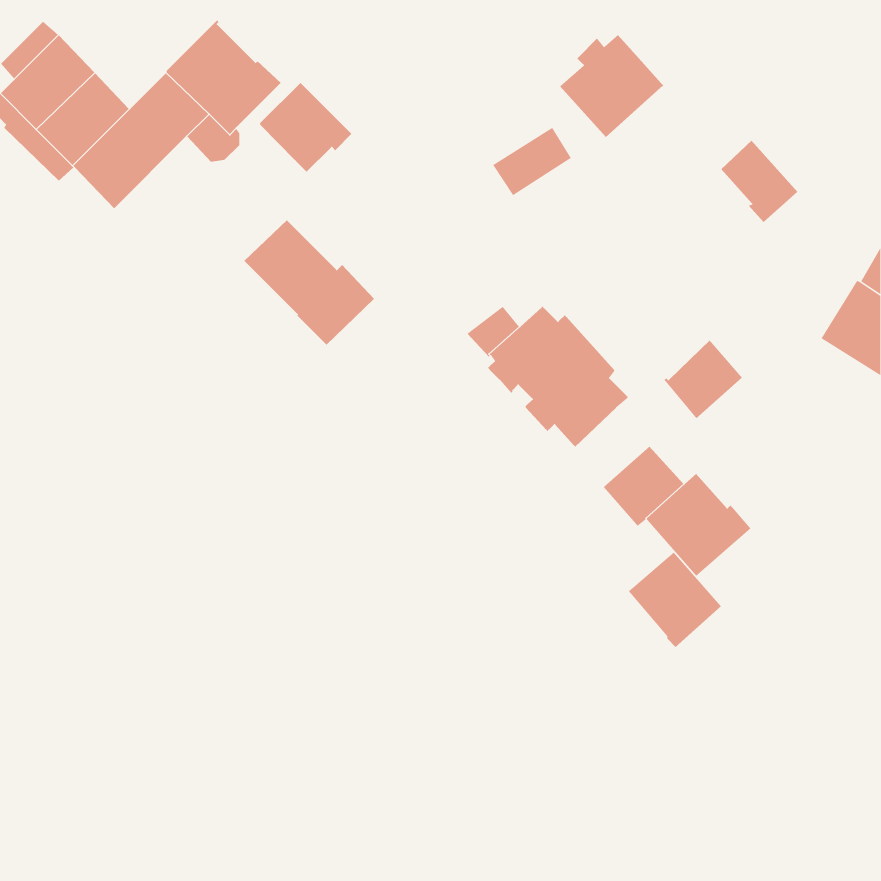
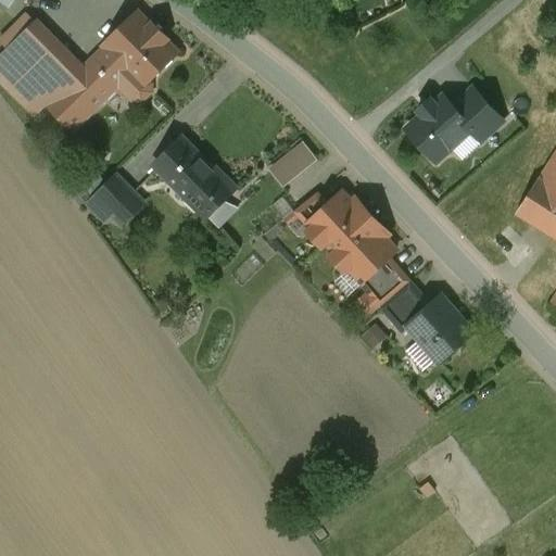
building: [559,34,664,138] -> [406,96,472,161]
building: [259,82,352,172] -> none
building: [492,127,572,196] -> [274,138,324,181]
building: none -> [93,174,136,225]
building: [663,340,743,419] -> [358,256,408,306]
building: [628,552,722,648] -> none

